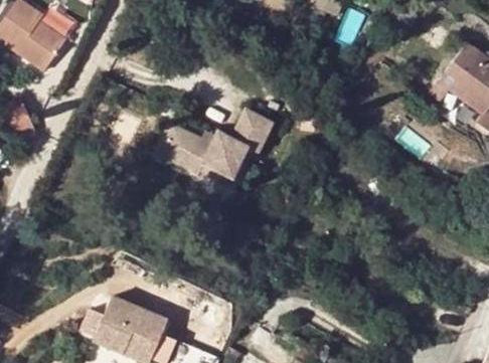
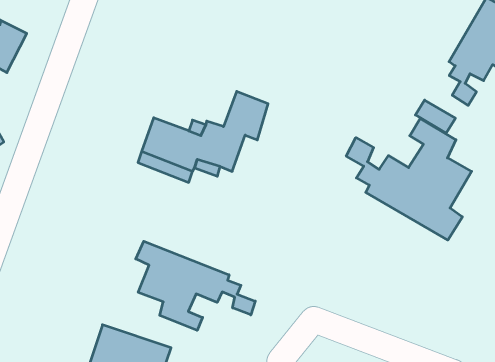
building: none -> [346,118,472,240]
building: none -> [136,241,255,330]

